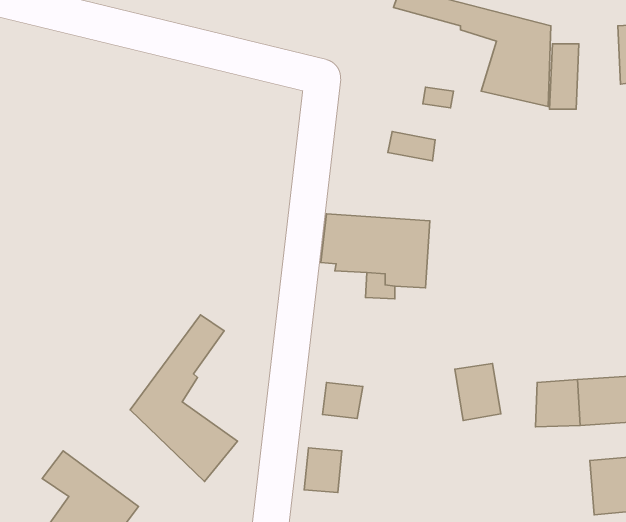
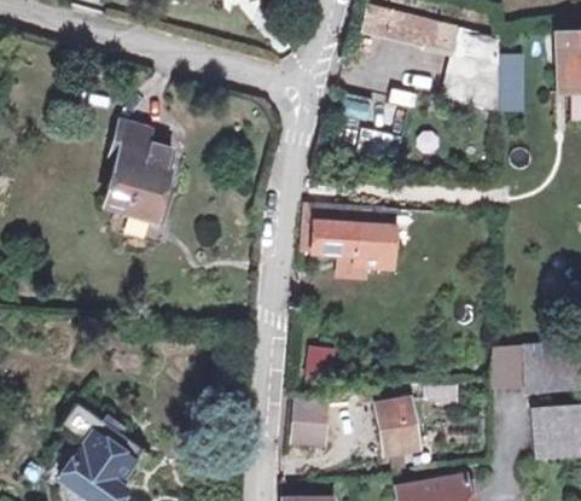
building: none -> [104,121,178,221]
building: [130,315,238,481] -> none
building: [455,364,501,421] -> [378,402,418,452]

